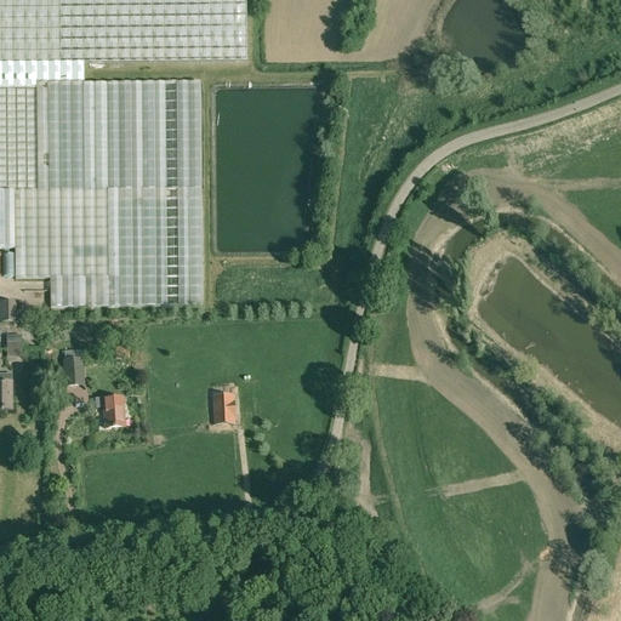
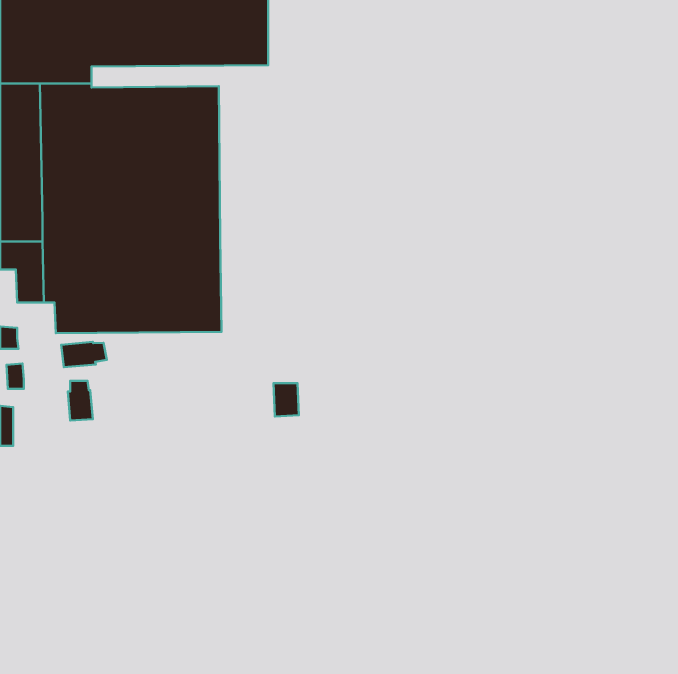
building: none -> [61,342,107,367]
building: [212,393,235,423] -> [274,383,299,416]
building: [96,395,125,427] -> none

